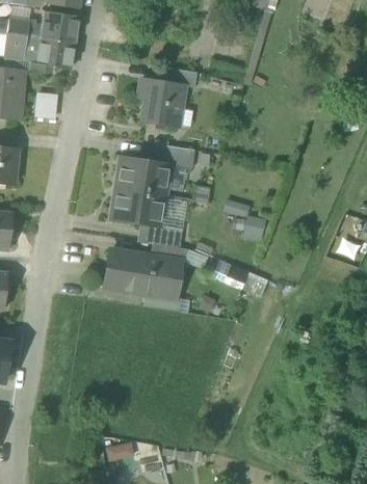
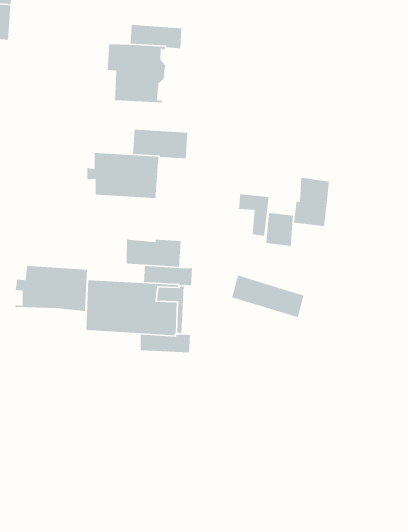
building: [111,188,167,226] -> [15,265,88,312]
building: none -> [293,177,330,227]

